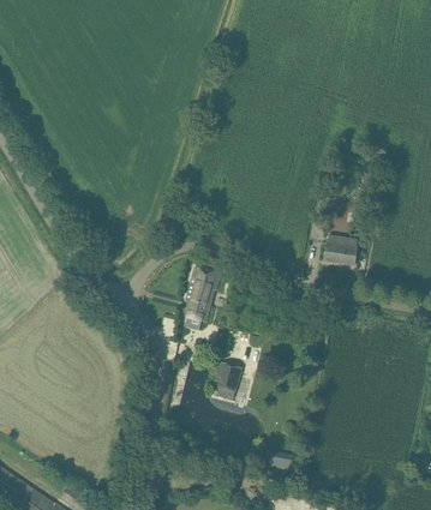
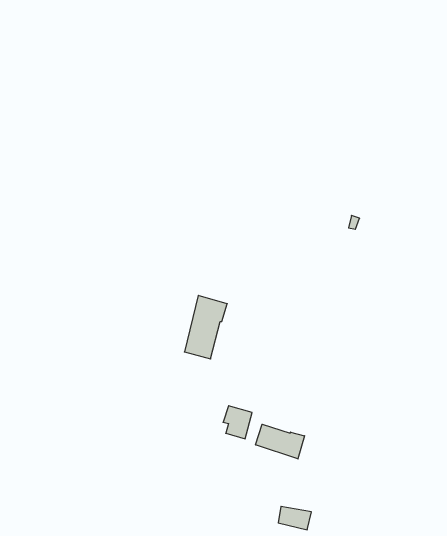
building: [324,235,358,265] -> none
building: none -> [256,424,305,459]

